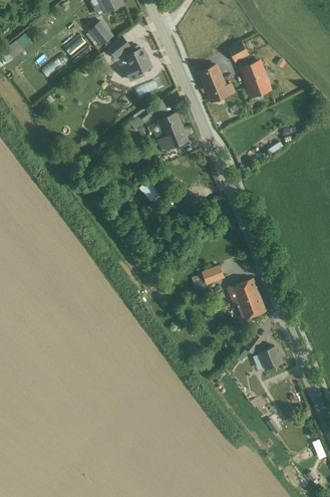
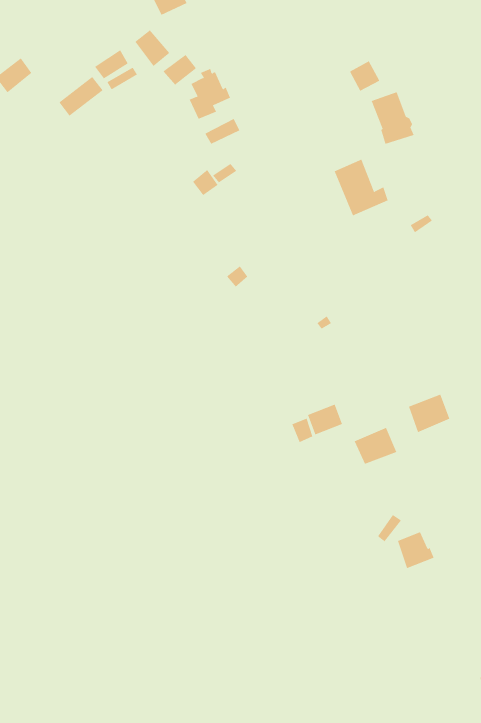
building: [199,65,234,102] -> [334,159,388,216]
building: [157,113,187,151] -> none
building: [238,295,265,320] -> [408,394,450,433]

